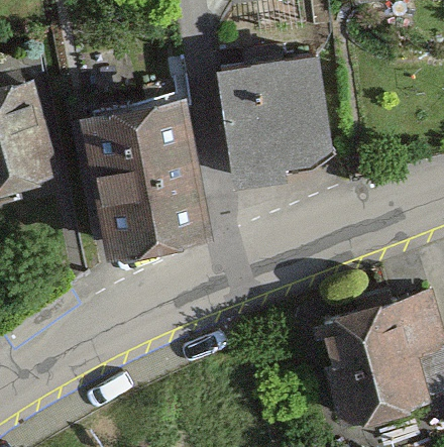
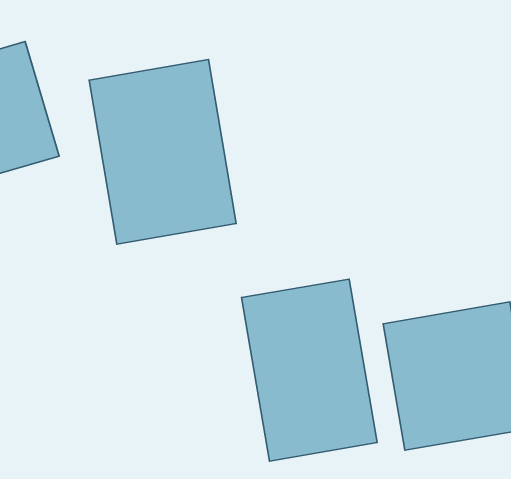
building: [217,52,326,182] -> none
building: none -> [242,279,377,461]

